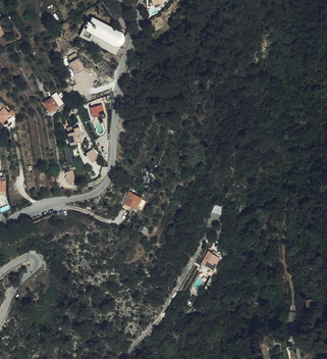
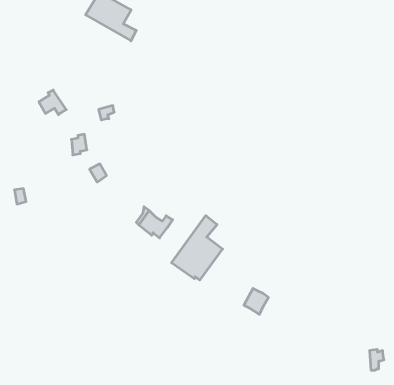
building: none -> [172,216,223,280]

